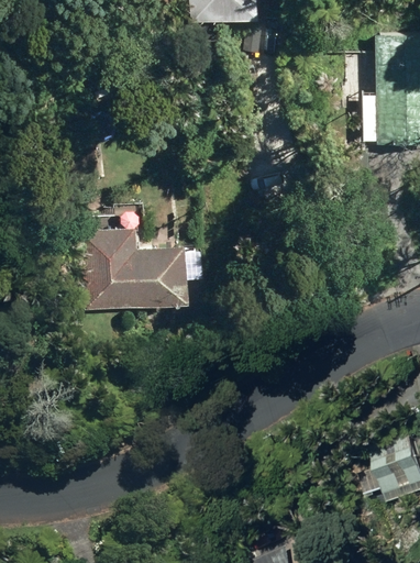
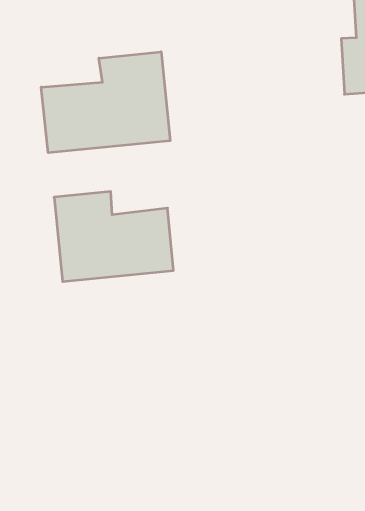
building: none -> [41,52,170,153]

